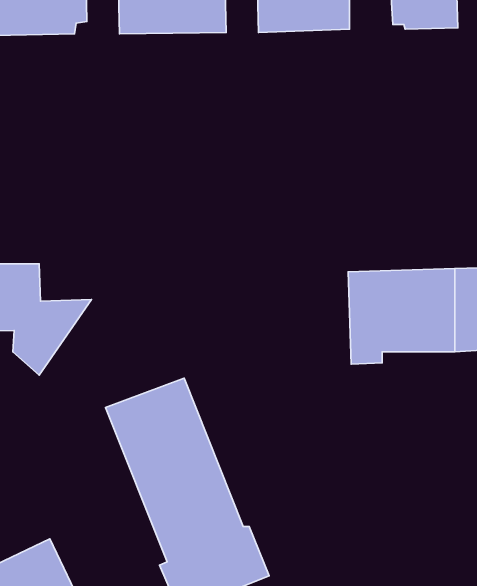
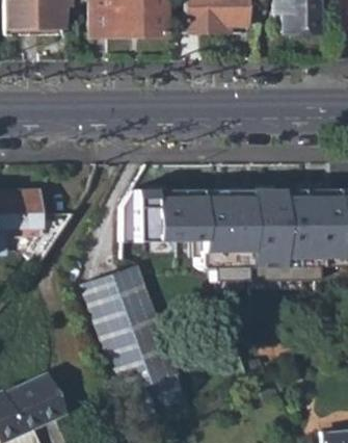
building: none -> [134,193,246,260]

